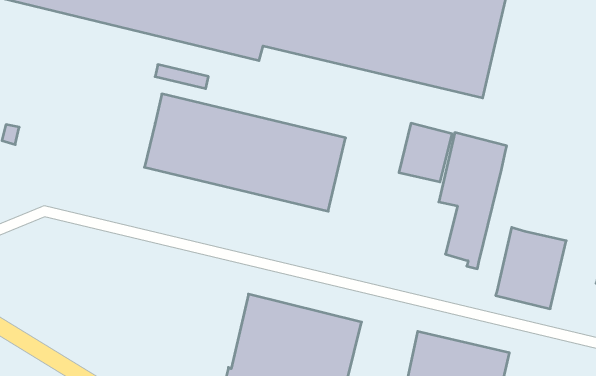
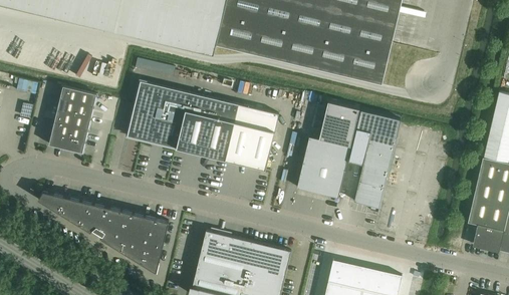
building: none -> [48,86,96,153]
building: [496,227,566,309] -> [296,136,349,198]
building: none -> [37,191,168,273]

